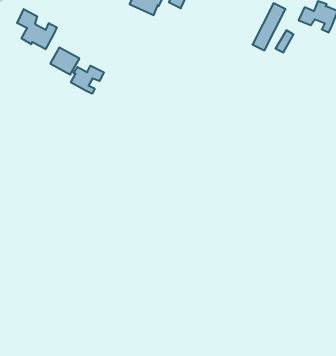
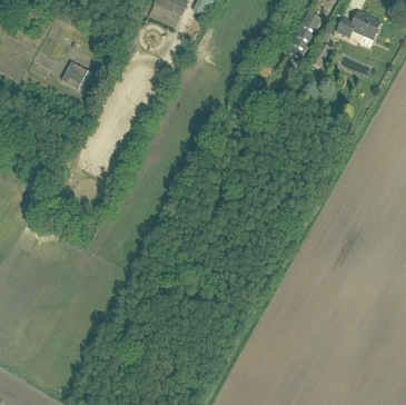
building: [17,9,57,49] -> none
building: [71,66,104,94] -> none

